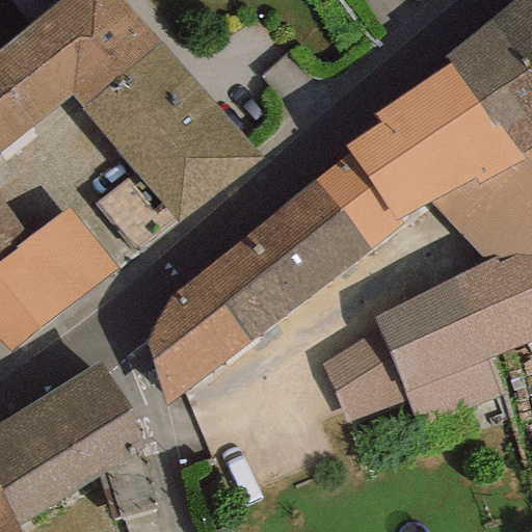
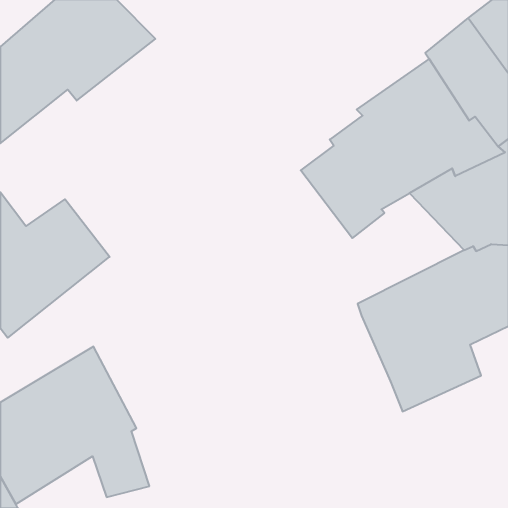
building: [81,41,263,223] -> none
building: [148,178,369,404] -> none
building: [323,329,408,422] -> none

